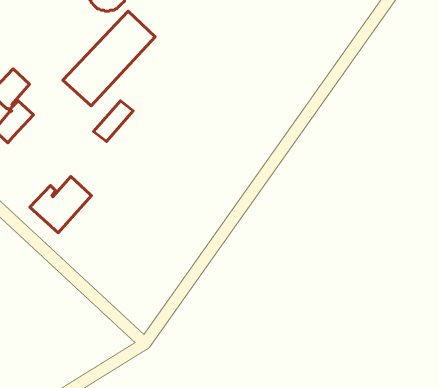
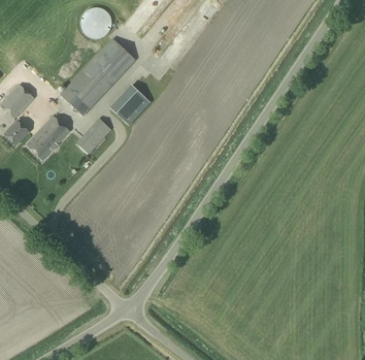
building: none -> [109,85,151,126]
building: [30,176,91,233] -> [20,116,69,161]

